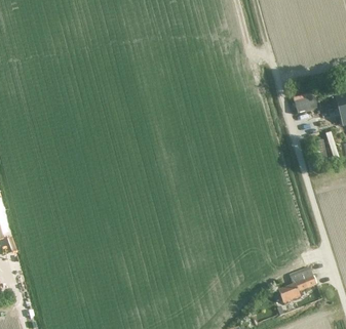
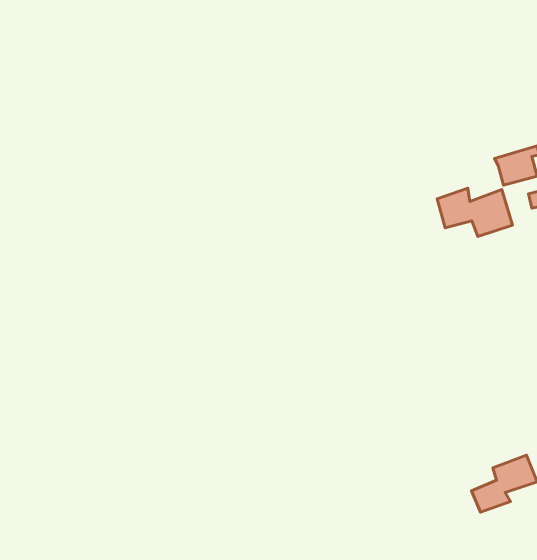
building: none -> [437,188,512,237]

